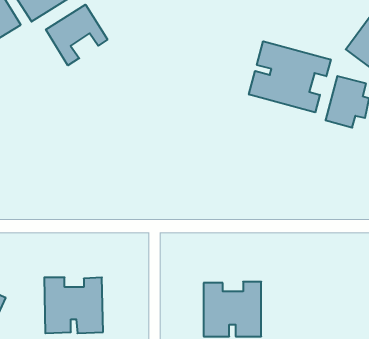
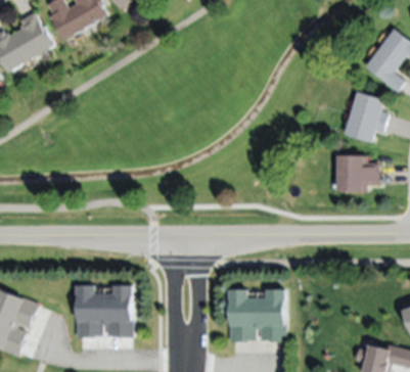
building: [46,5,107,65] -> none
building: [249,41,331,112] -> none
building: none -> [336,155,377,192]

